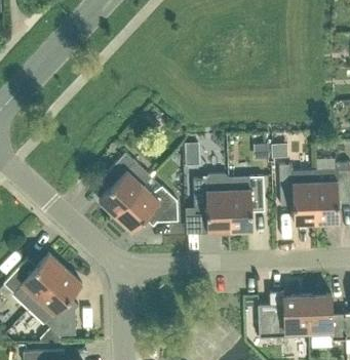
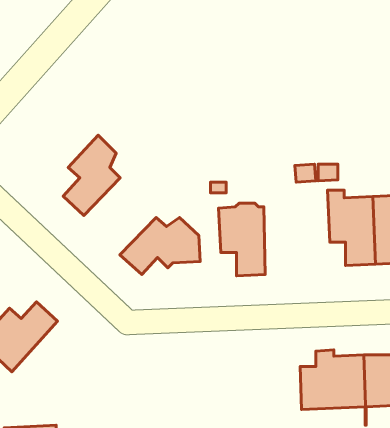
building: [98,152,143,215] -> [63,135,120,216]
building: [228,175,264,231] -> none
building: [29,268,81,335] -> none

